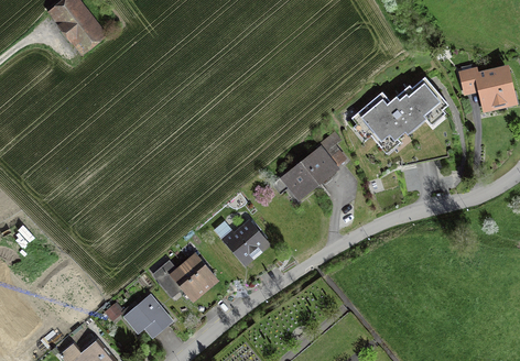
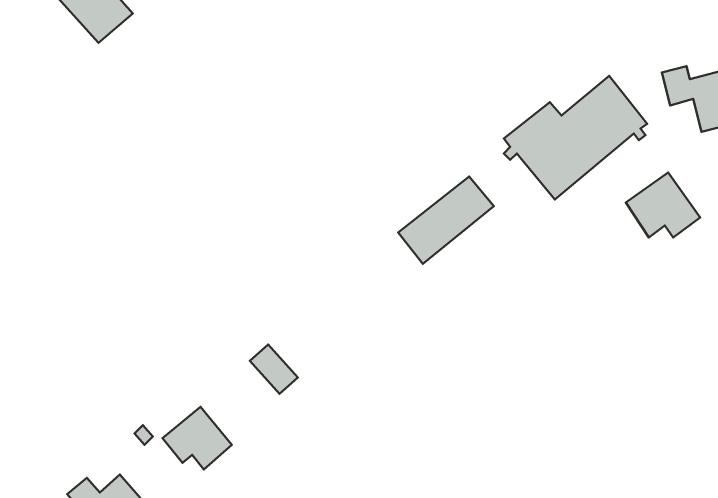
building: none -> [626,172,700,237]
building: [224,225,267,264] -> none
building: [156,263,203,297] -> none

